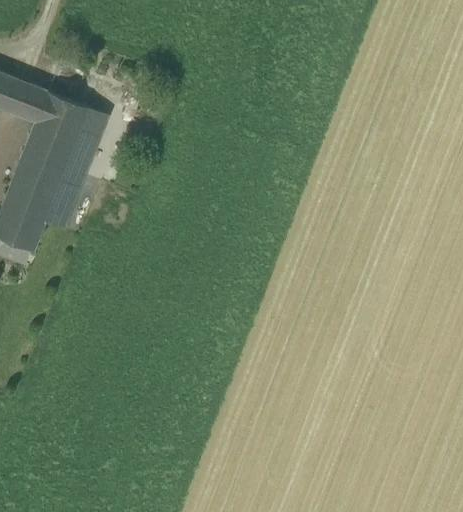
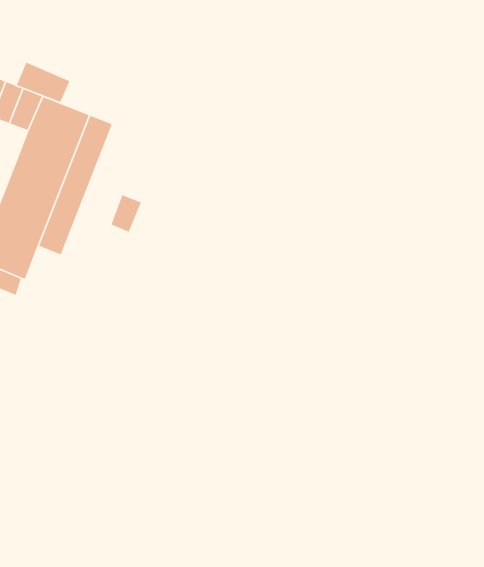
building: none -> [16,61,71,103]
building: none -> [110,194,142,233]

